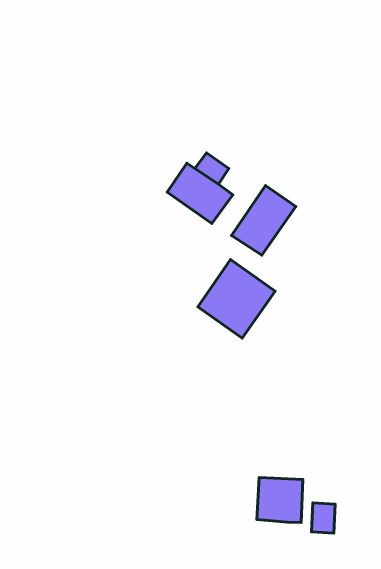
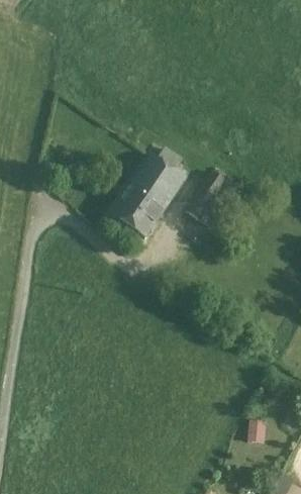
building: [198,260,275,338] -> [110,177,170,237]
building: [257,478,303,522] -> none

